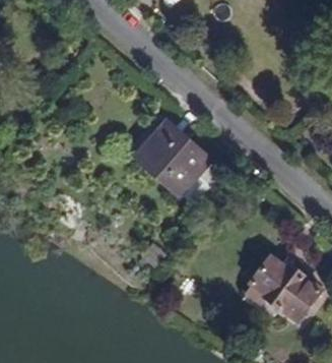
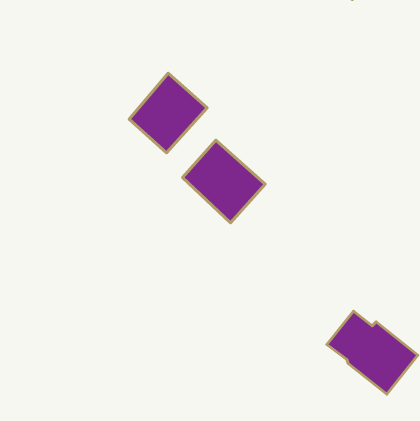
building: none -> [129,73,207,153]

